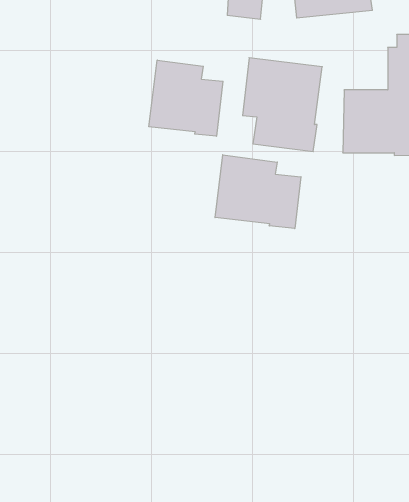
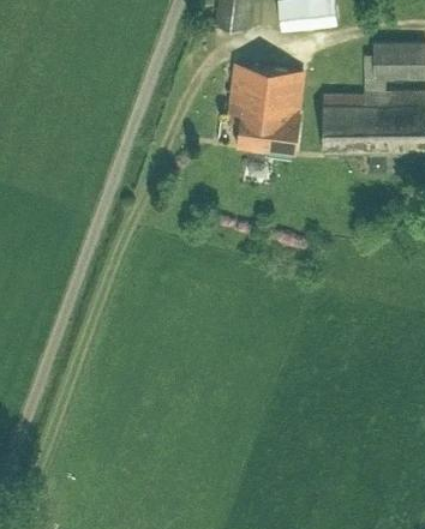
building: [149,60,223,136] -> none
building: [215,155,301,229] -> none

